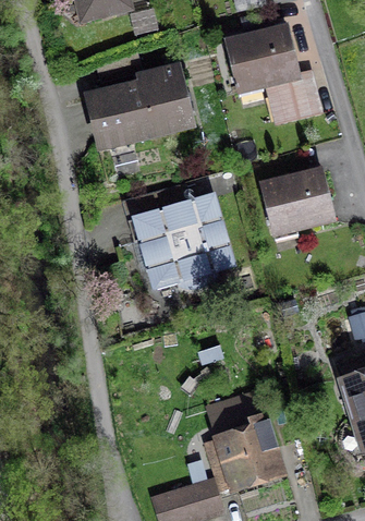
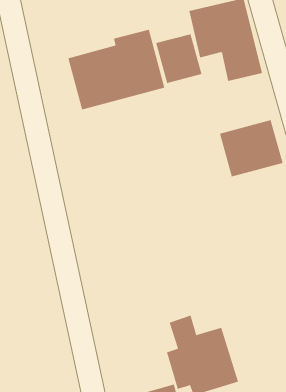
building: none -> [156,33,202,84]
building: [134,193,239,290] -> none

